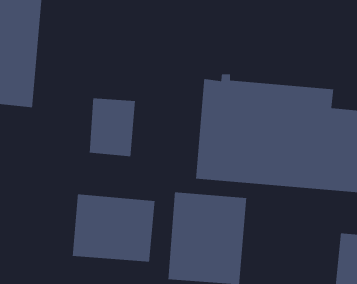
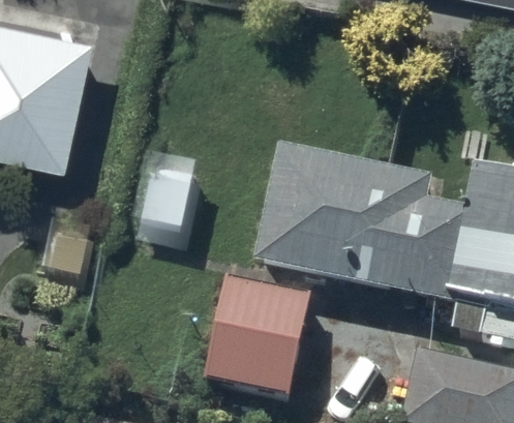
building: [72,193,156,263] -> none

